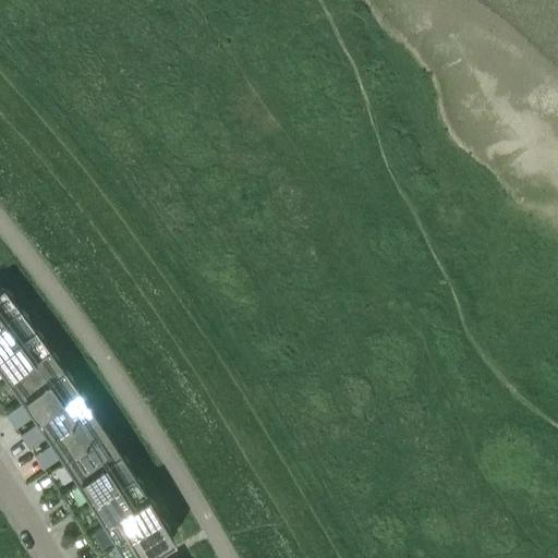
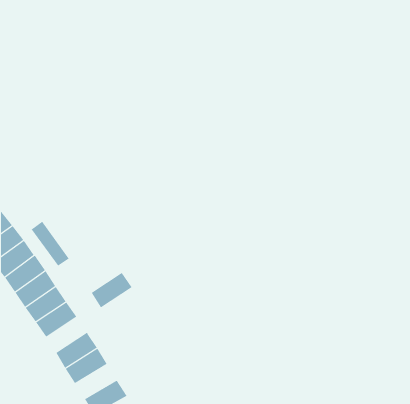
building: none -> [31,221,70,266]
building: [62,438,119,487] -> [91,272,133,308]
building: [101,502,159,550] -> none

